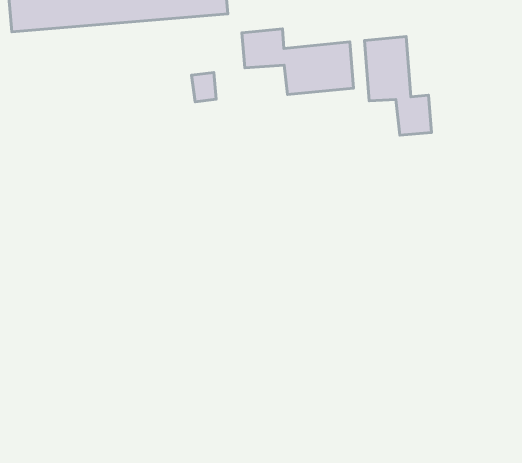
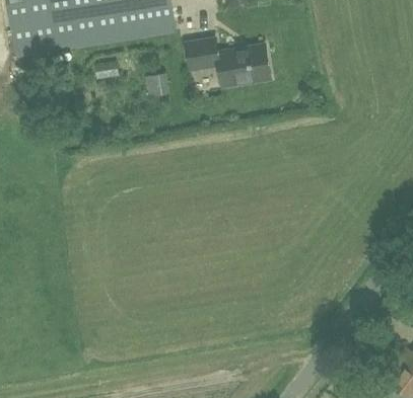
building: [364,36,431,135] -> none

